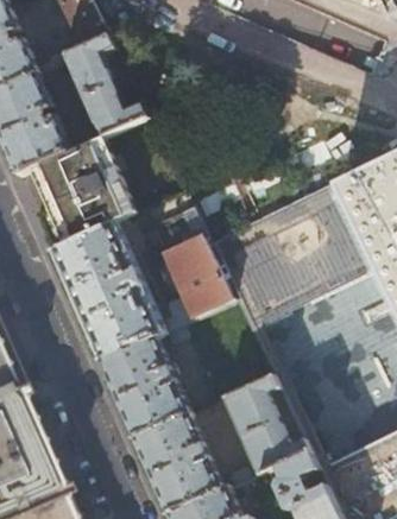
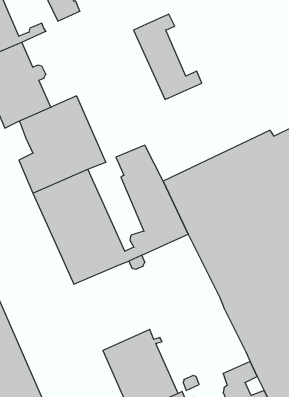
building: [67,38,147,139] -> [134,14,202,99]
building: [101,338,191,441] -> none
building: [226,379,310,476] -> none

